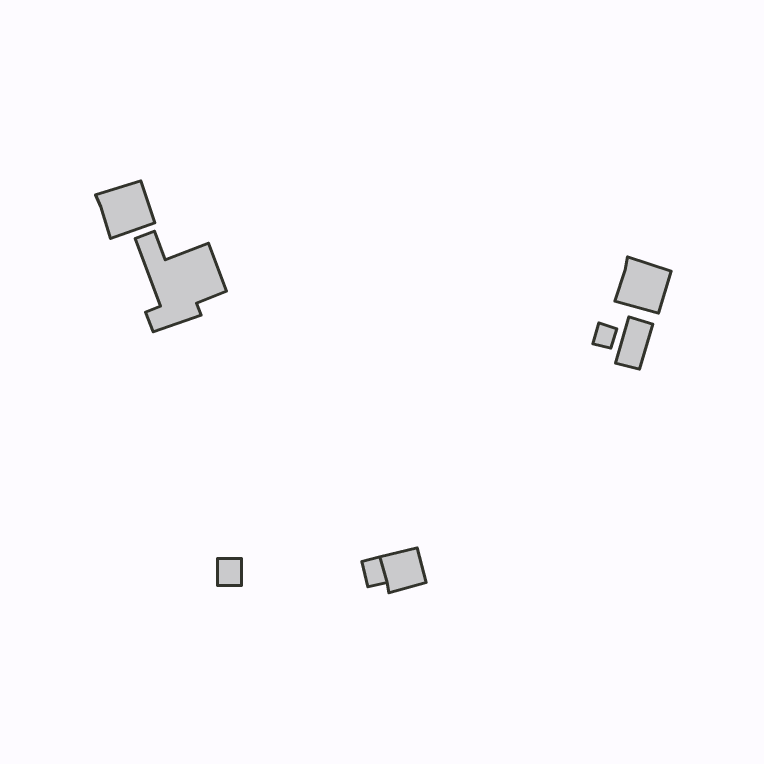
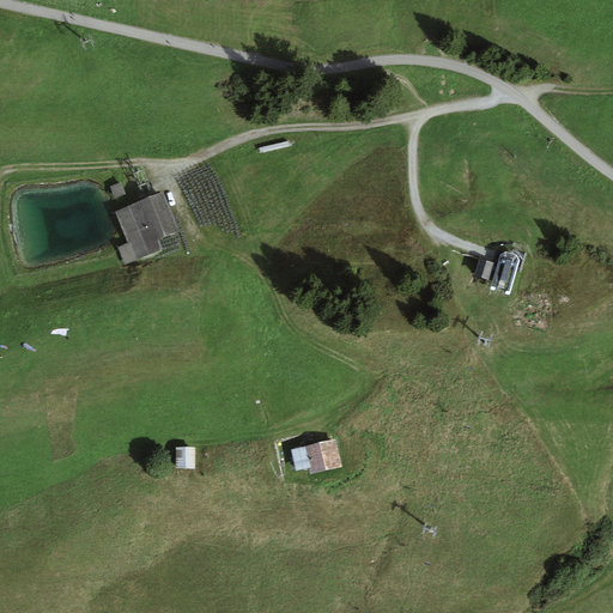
building: [95,181,155,239] -> none
building: [615,257,671,313] -> none

